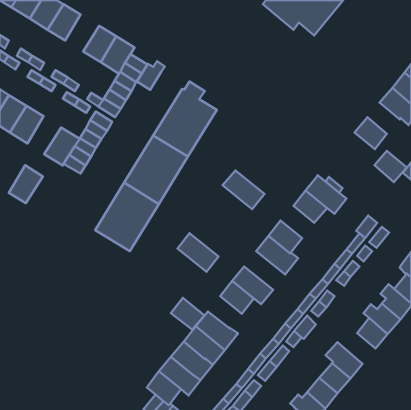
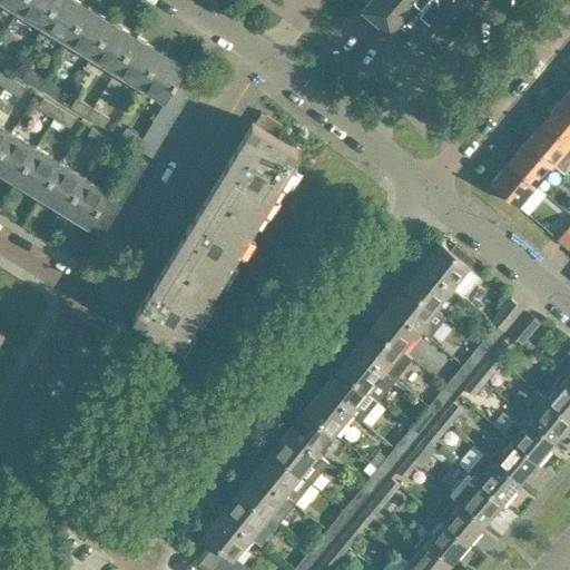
building: none -> [90,23,137,75]
building: [137,61,165,90] -> none
building: [375,151,407,182] -> [508,145,552,188]
building: [9,165,43,203] -> [38,164,85,216]
building: [222,171,264,209] -> [387,287,445,341]
building: [177,233,218,272] -> [337,350,394,403]
building: [171,298,205,330] -> [287,412,334,456]
building: none -> [466,455,519,505]

